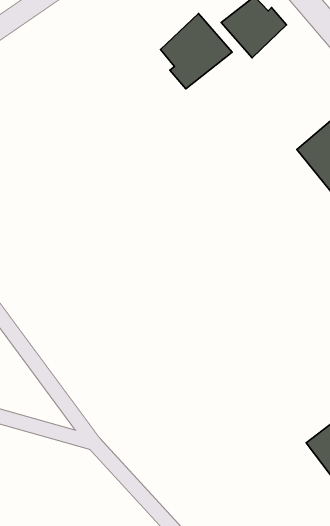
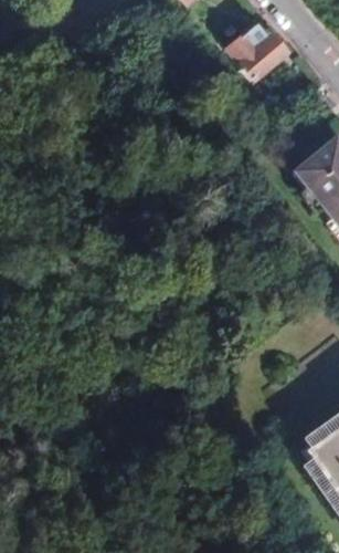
building: [161,14,232,89] -> none

